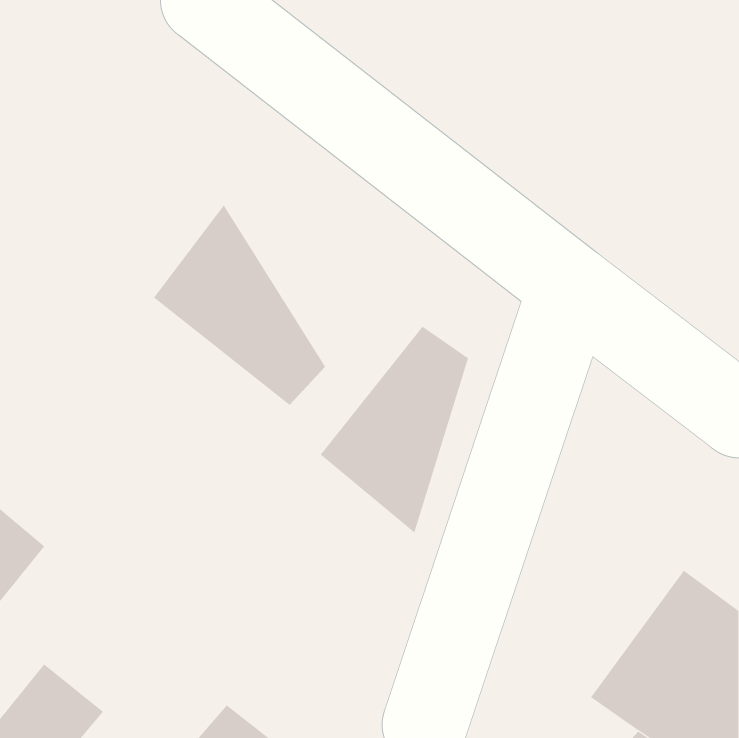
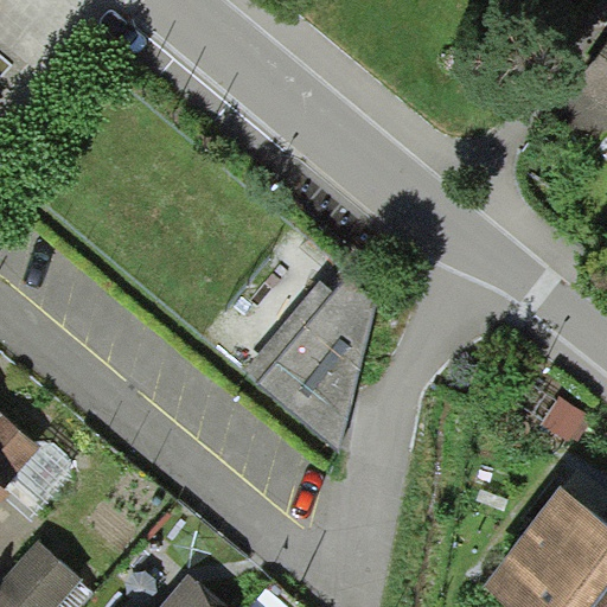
building: [153,205,326,406] -> none

